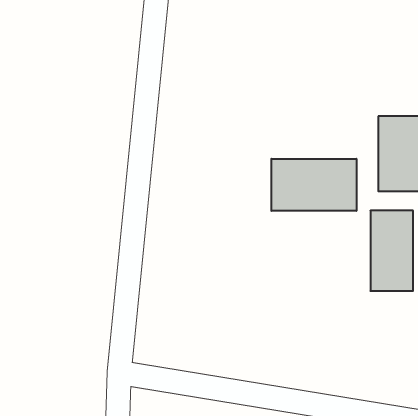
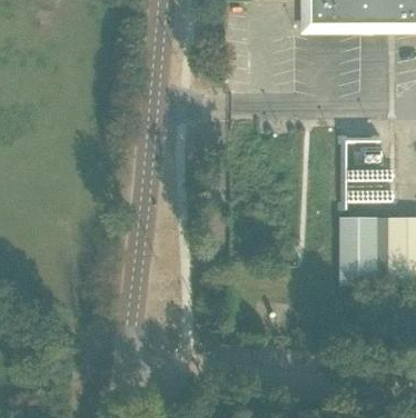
building: [271,159,356,211] -> none

